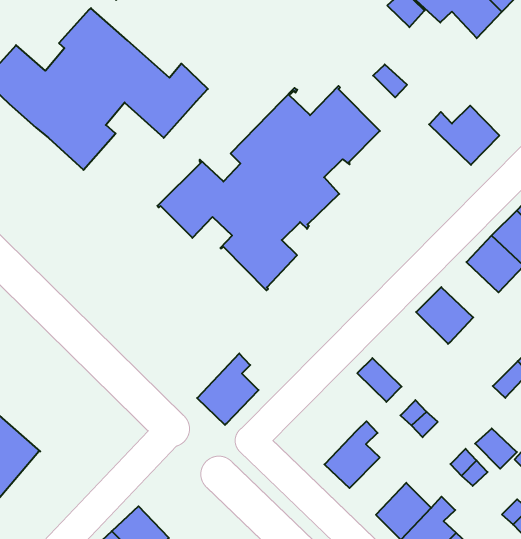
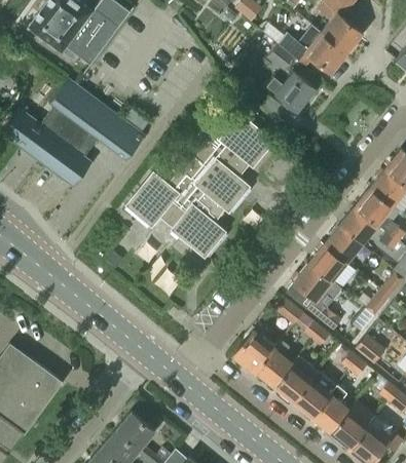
building: [429,106,499,165] -> [268,72,317,112]
building: none -> [324,226,363,263]
building: none -> [294,263,342,331]
building: [197,353,259,425] -> [234,323,275,373]
building: none -> [274,356,319,402]

